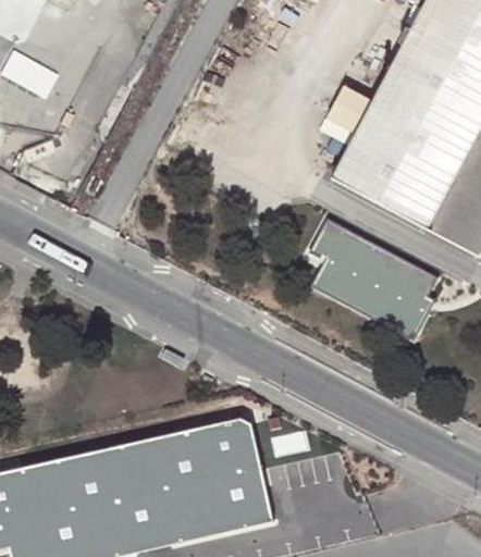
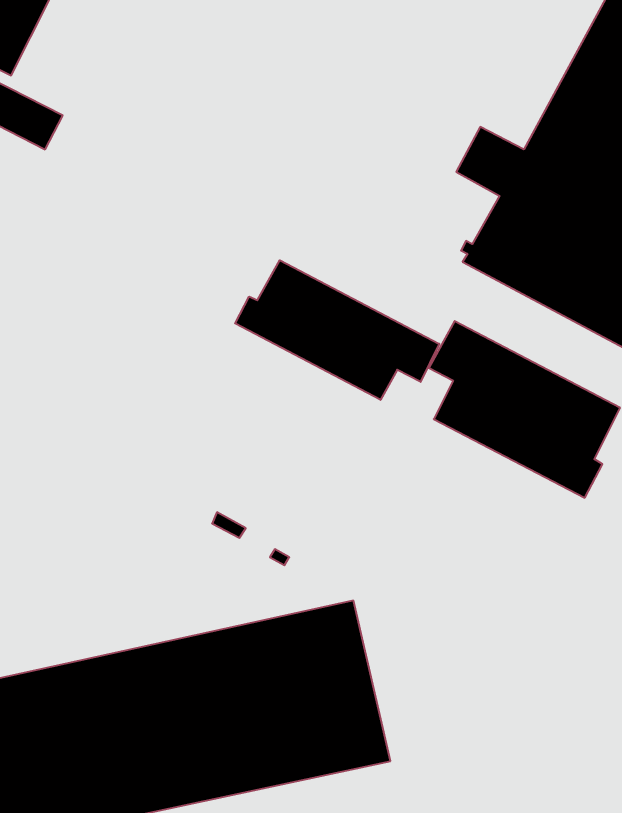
building: none -> [235,260,439,400]

